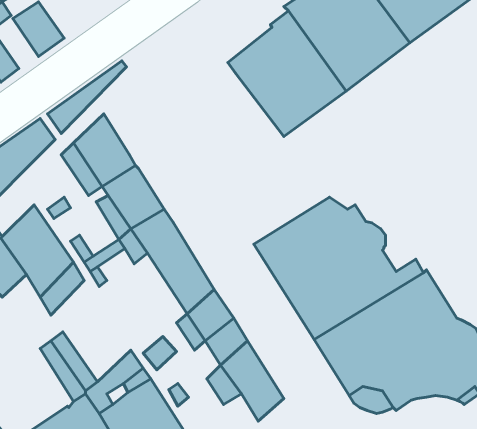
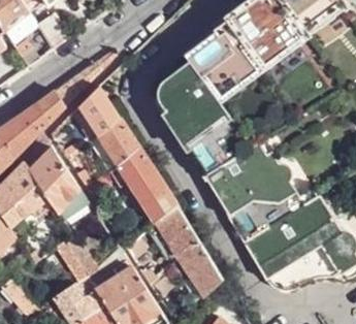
building: none -> [157,59,253,175]

